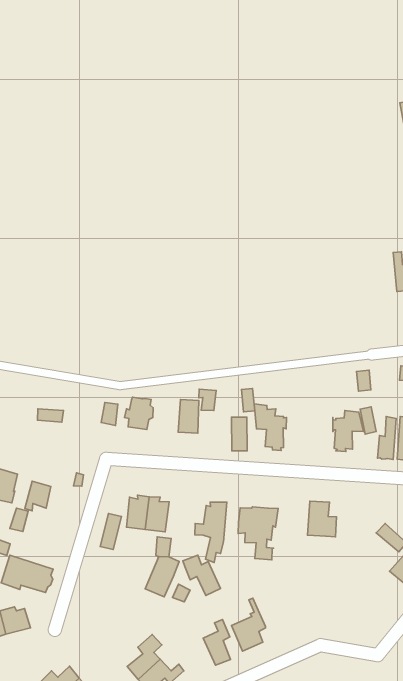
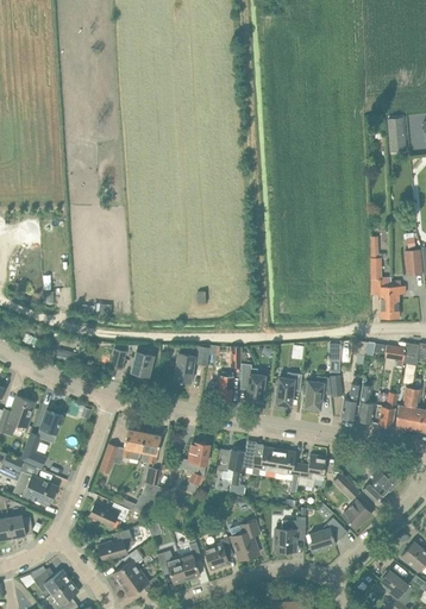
building: none -> [275,371,301,406]
building: none -> [251,446,280,477]
building: none -> [297,453,326,485]
building: [183,555,221,595] -> [157,550,187,584]
building: none -> [312,516,345,552]
building: none -> [274,516,305,550]
building: none -> [88,501,129,526]
building: none -> [227,519,259,559]
building: none -> [98,528,133,560]

